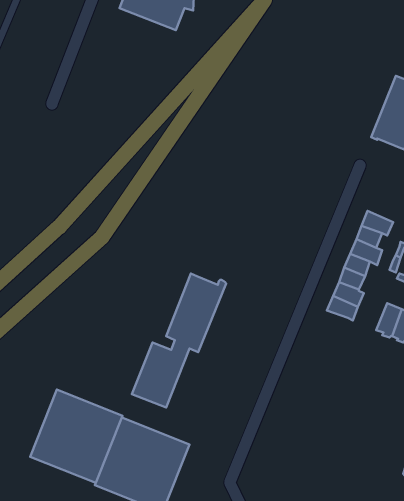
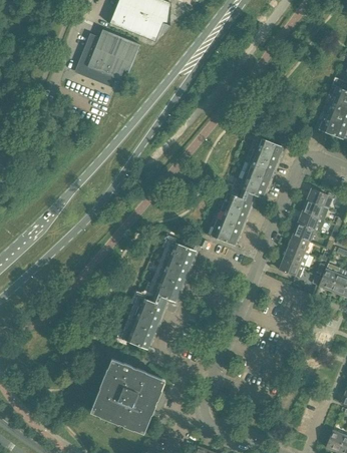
building: none -> [75,29,140,87]
building: none -> [207,135,285,246]
building: [30,389,123,483] -> none

